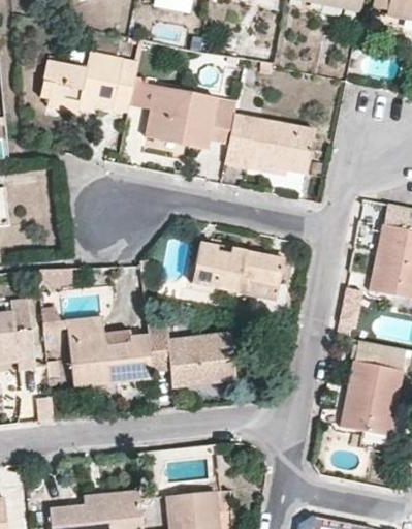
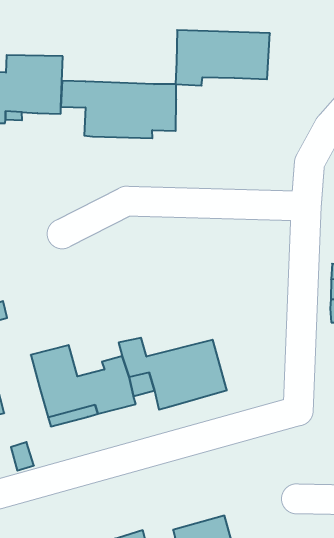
building: [223,115,314,172] -> [176,30,270,86]
building: [191,242,282,299] -> none

